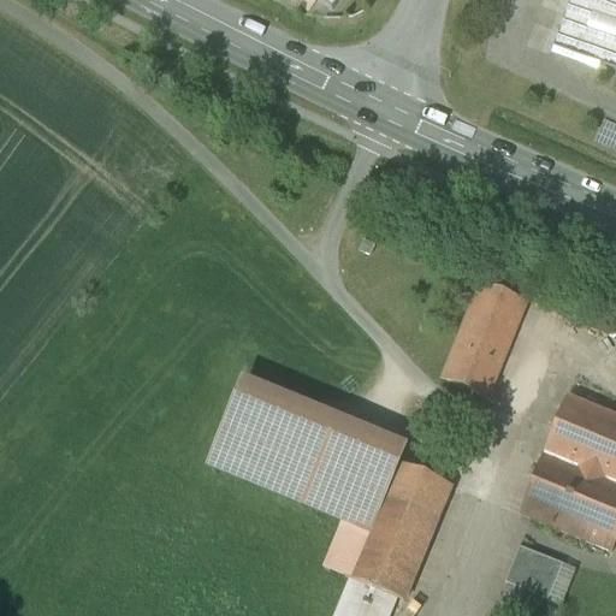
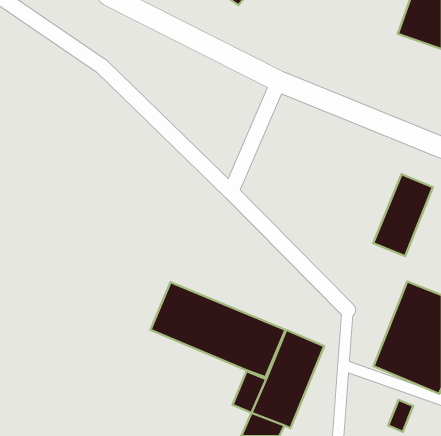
building: [443,280,526,395] -> [373,174,433,256]
building: [238,373,407,460] -> none
building: [507,543,556,593] -> none

